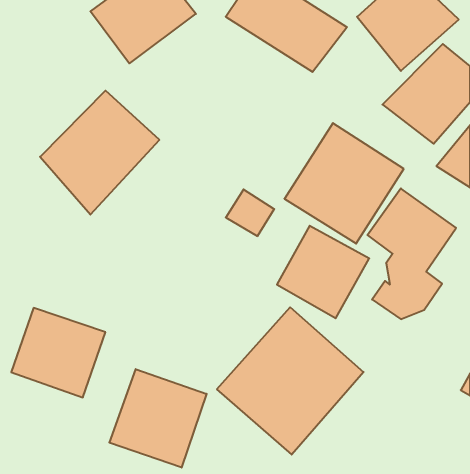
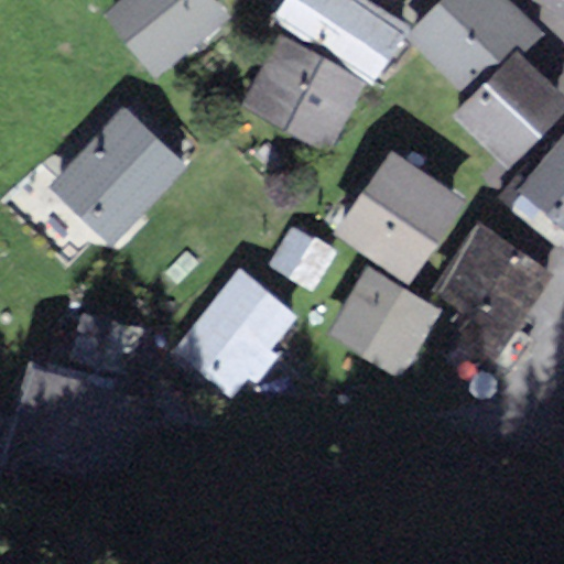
building: none -> [242,43,364,153]
building: none -> [162,265,290,398]
building: [217,307,364,455] -> none
building: [109,369,207,468] -> none

